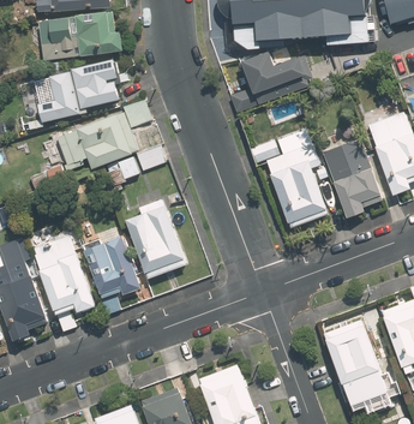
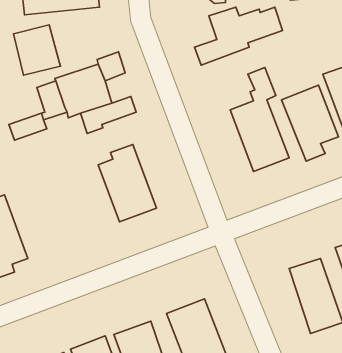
building: [71,60,124,111] -> none
building: [28,227,96,335] -> none
building: [80,228,139,298] -> none

